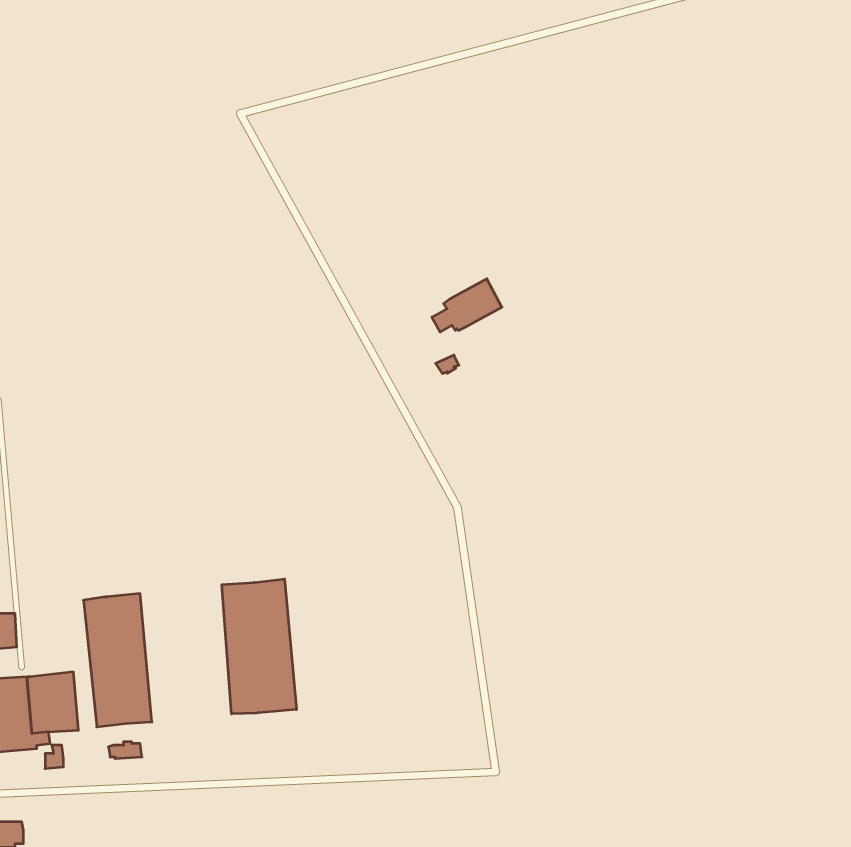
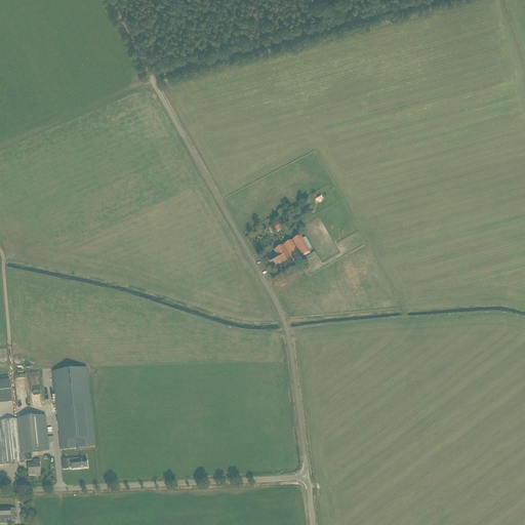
building: [432,279,502,332] -> [266,233,309,266]
building: [222,579,296,714] -> none

